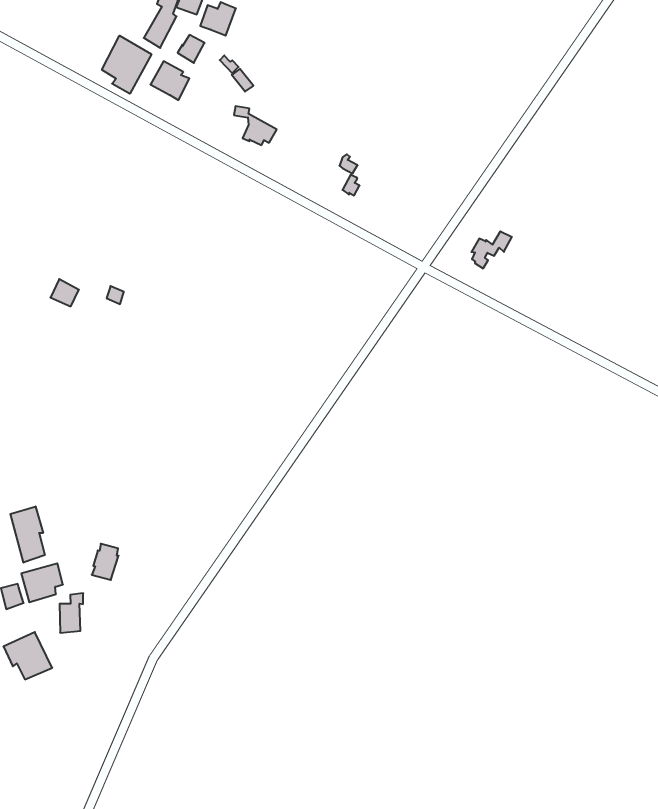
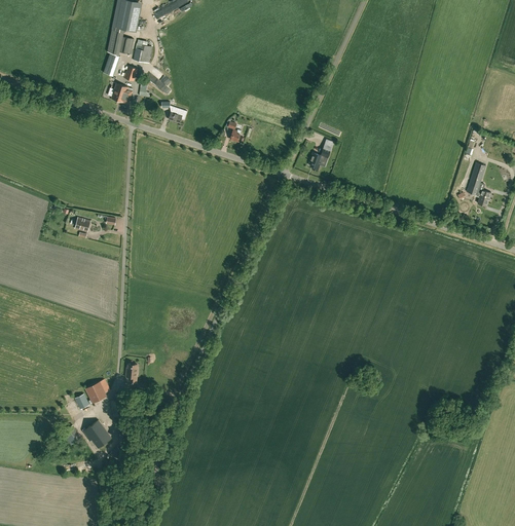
building: [102,36,151,94] -> none
building: [10,506,45,563] -> none

